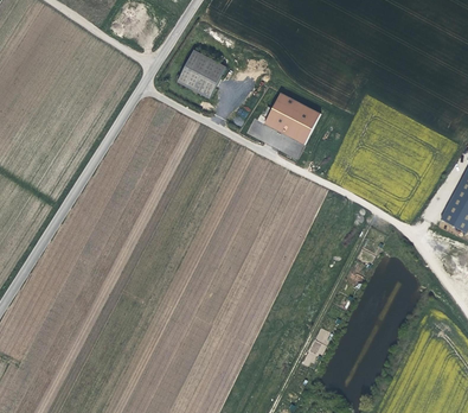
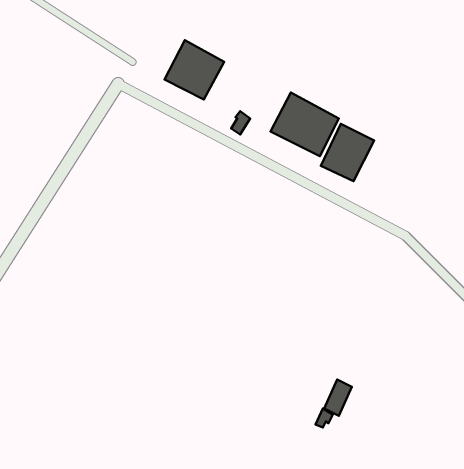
building: none -> [321,124,374,181]

